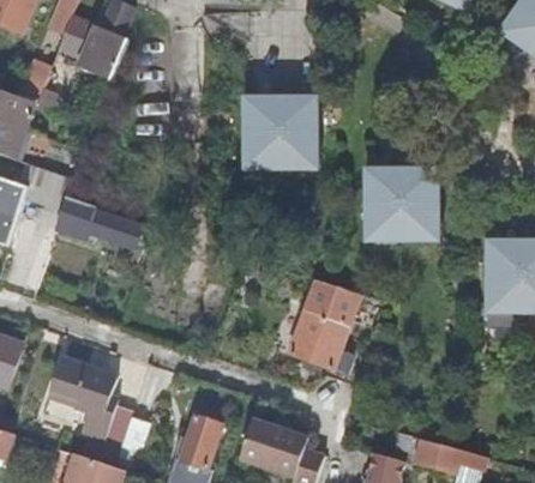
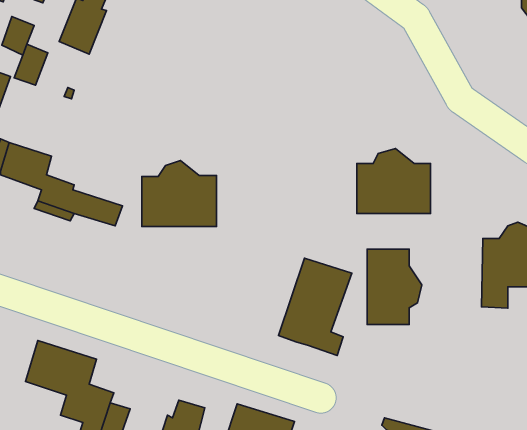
building: [244,99,315,163] -> [142,160,217,226]
building: none -> [367,249,422,325]

